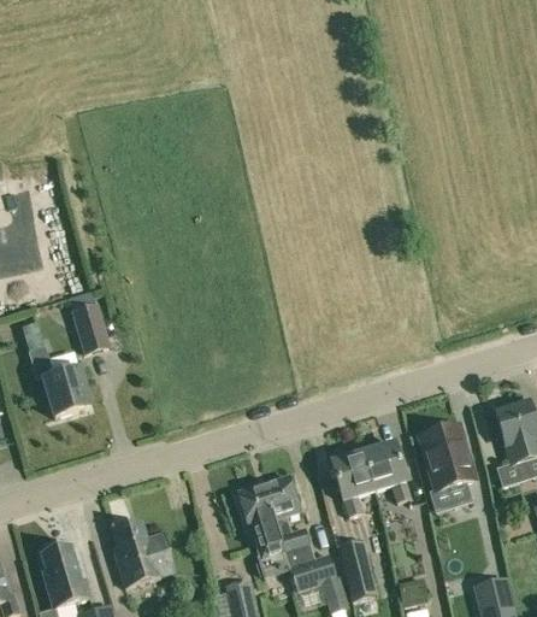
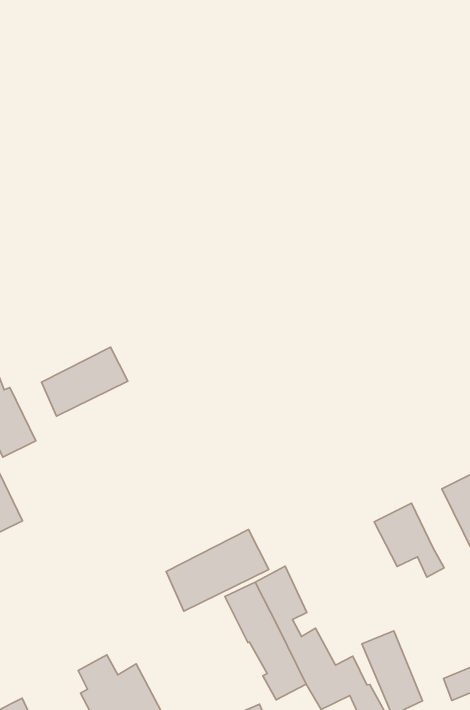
building: none -> [41,347,128,416]
building: none -> [166,530,269,611]
building: [331,452,374,516] -> none

